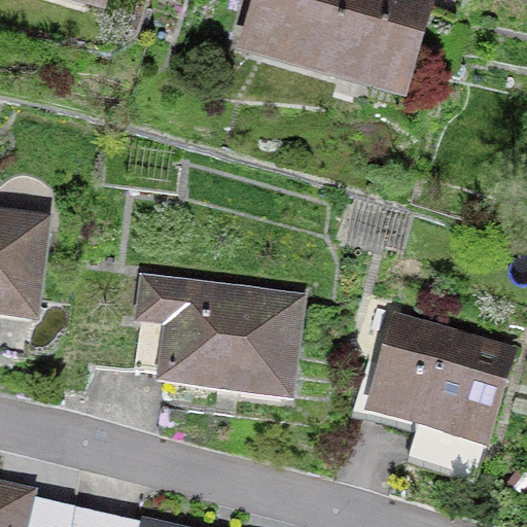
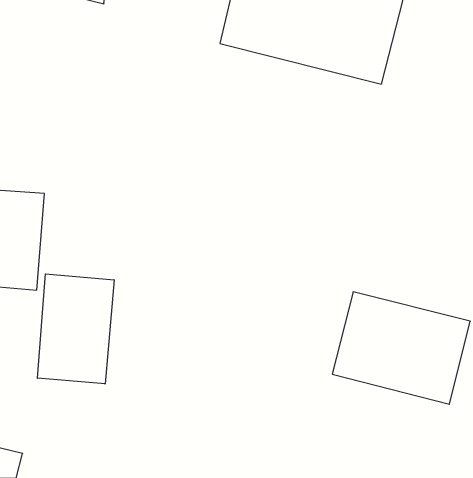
building: [126,275,302,397] -> none
building: none -> [37,274,114,384]

